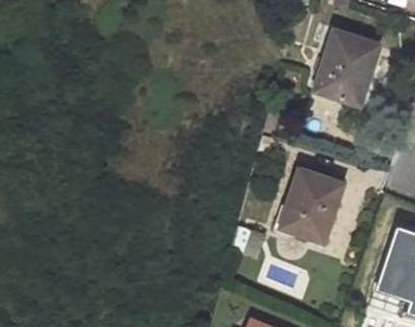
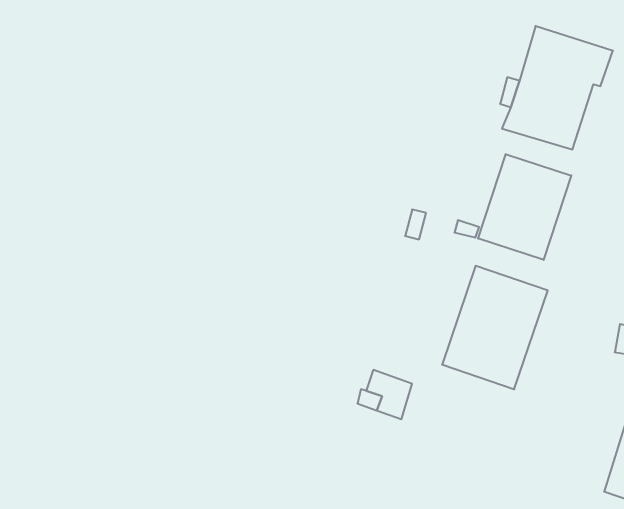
building: none -> [478,154,571,260]

